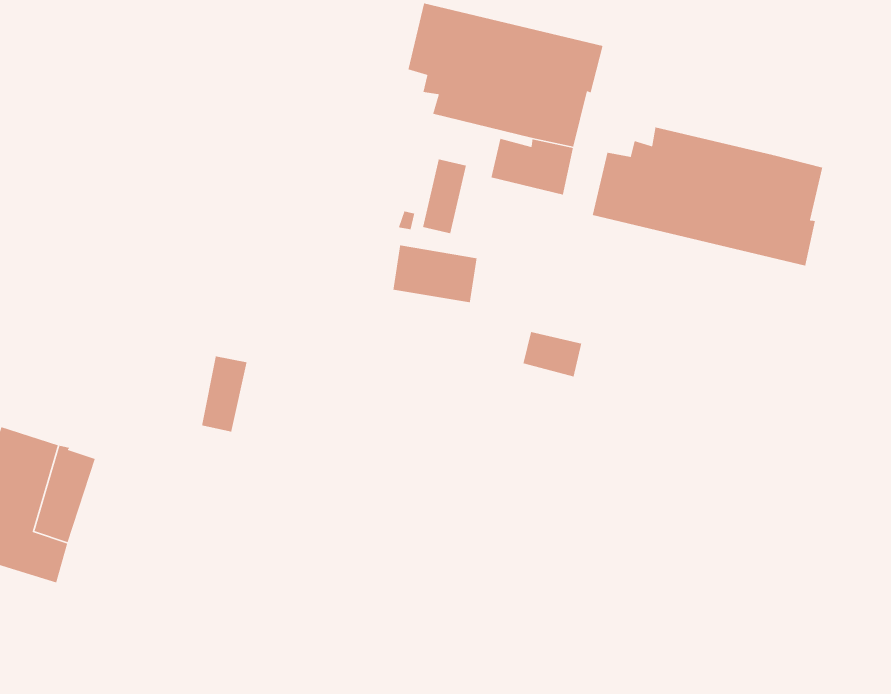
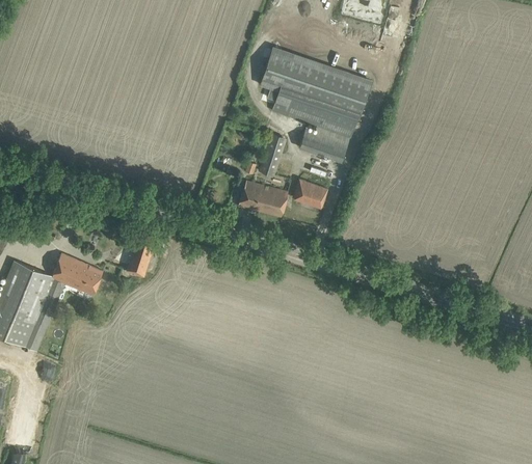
building: [592,127,823,266] -> none
building: [522,331,582,378] -> [293,180,327,208]
building: none -> [51,253,103,295]

